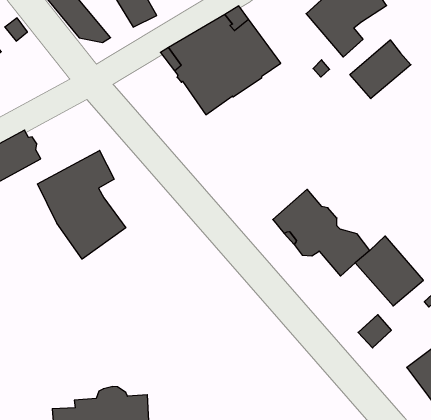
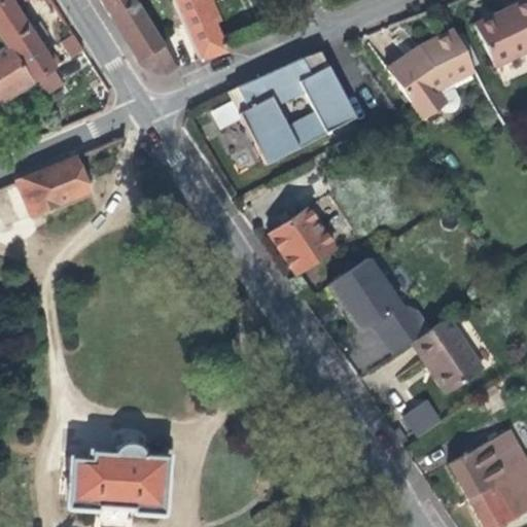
building: [350,40,411,99] -> none
building: none -> [268,207,333,273]
building: [37,150,126,259] -> none

